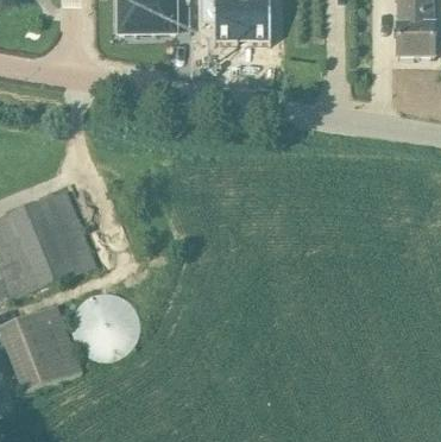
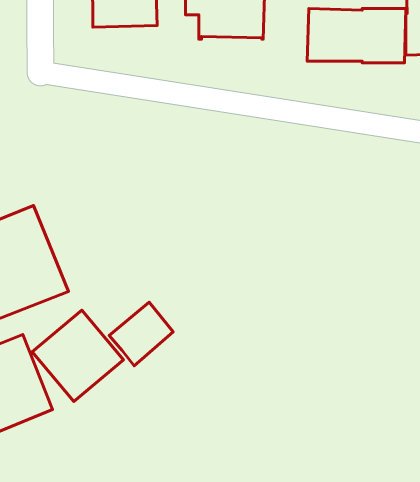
building: none -> [307,9,406,63]
building: none -> [109,302,173,366]

